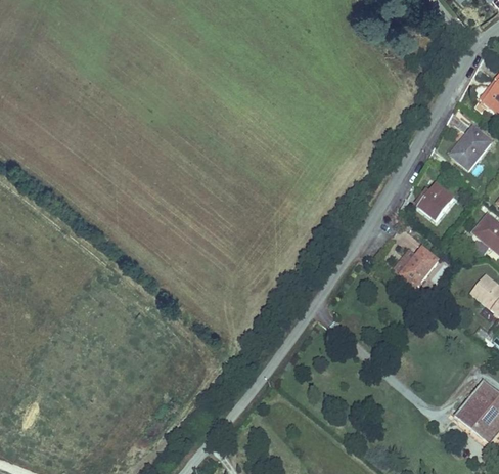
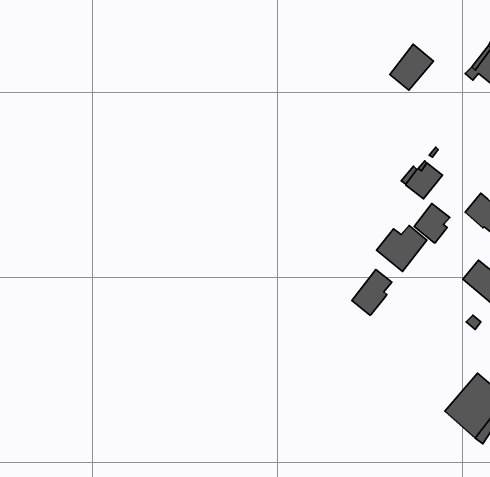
building: [452,126,492,168] -> [390,44,433,90]
building: none -> [414,203,450,243]
building: none -> [352,270,392,315]

